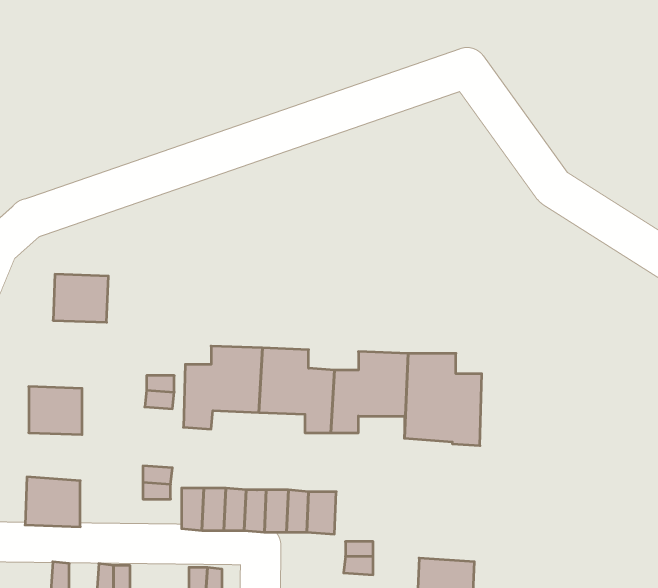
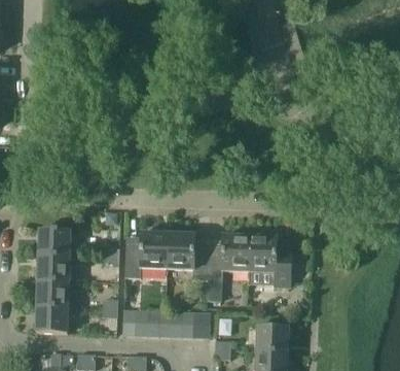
building: [53,274,108,322] -> [38,228,69,255]
building: none -> [37,279,68,306]
building: none -> [256,324,288,351]

